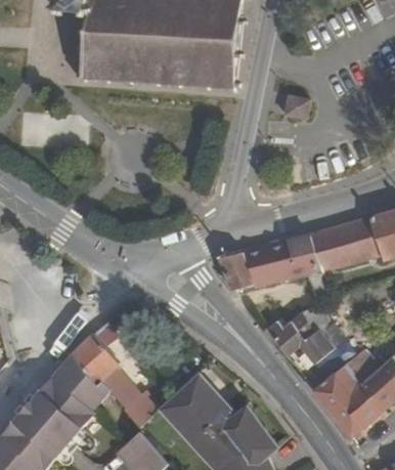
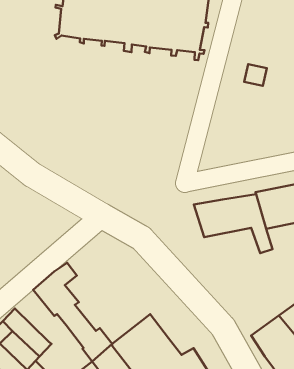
building: [217,251,254,292] -> none
building: [264,303,342,364] -> none
building: [54,354,111,410] -> none

